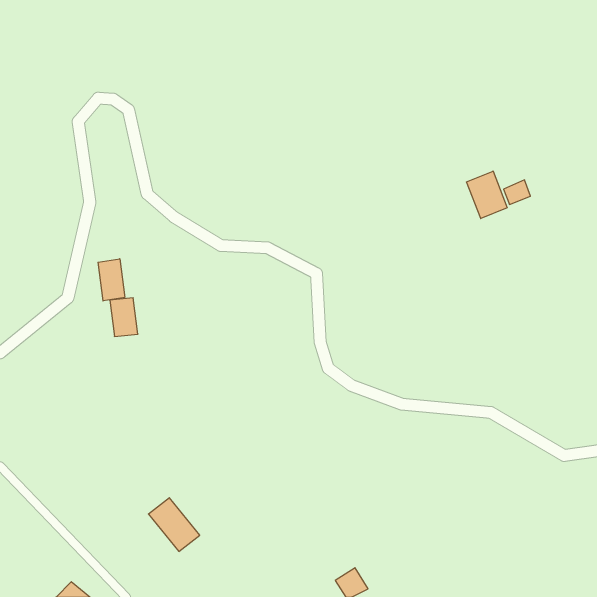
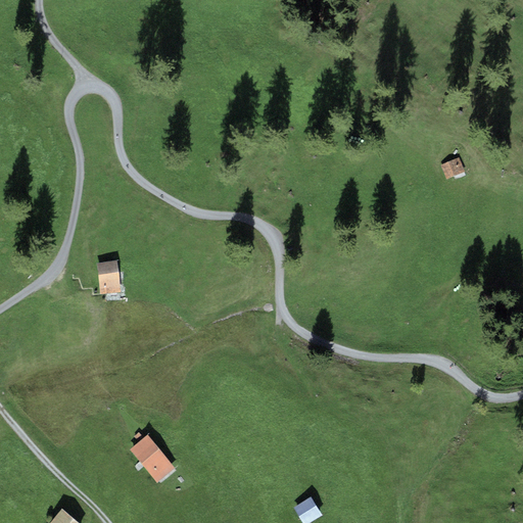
building: [467,171,507,219] -> none
building: [98,259,125,301] -> none

